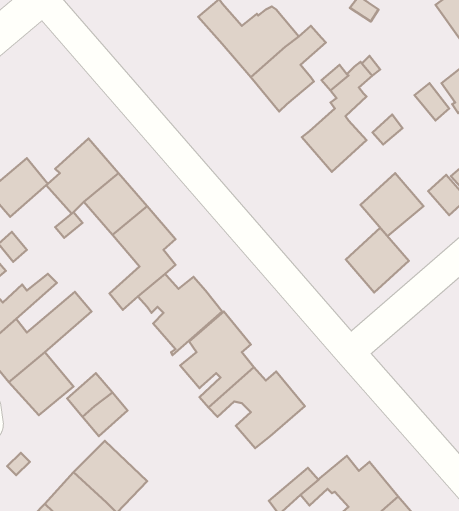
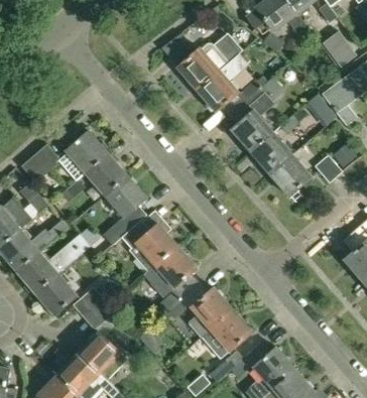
building: [346,228,409,293] -> [251,131,293,174]
building: none -> [200,309,252,359]

